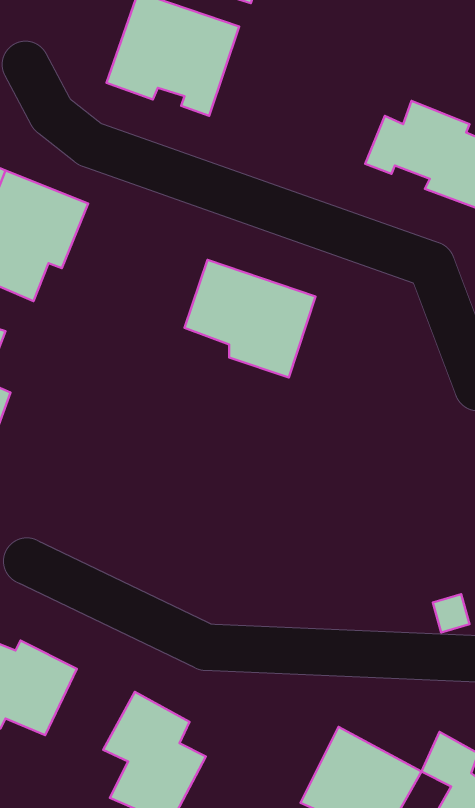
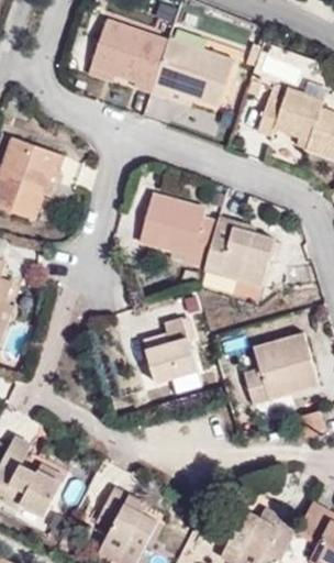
building: none -> [154,33,241,112]
building: none -> [207,219,290,296]
building: none -> [141,317,200,386]
building: none -> [241,334,321,413]

